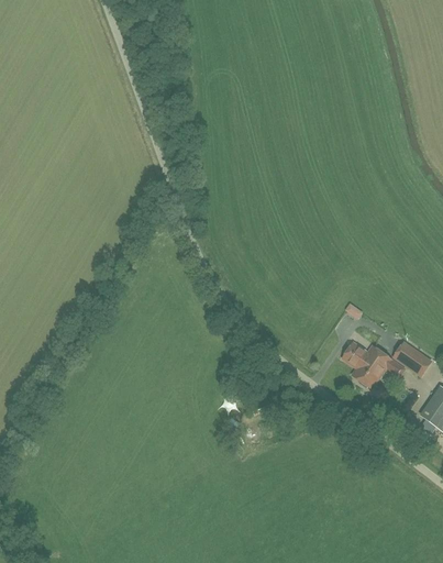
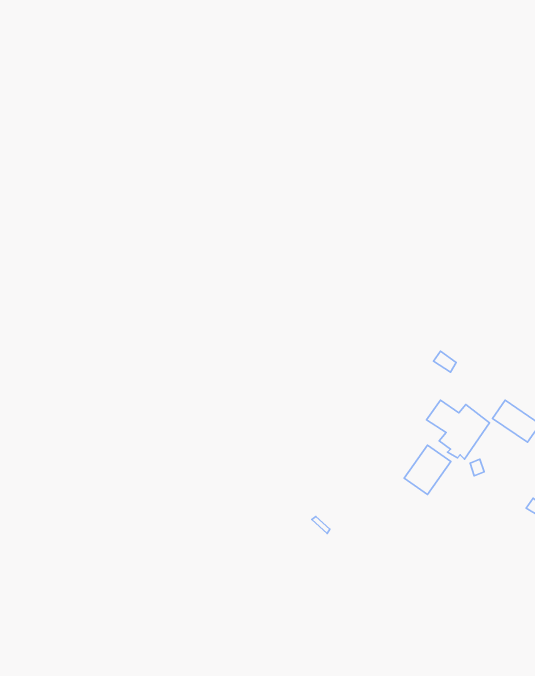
building: none -> [404,445,451,495]

